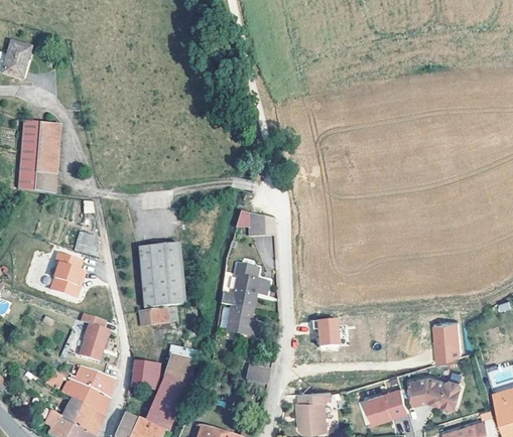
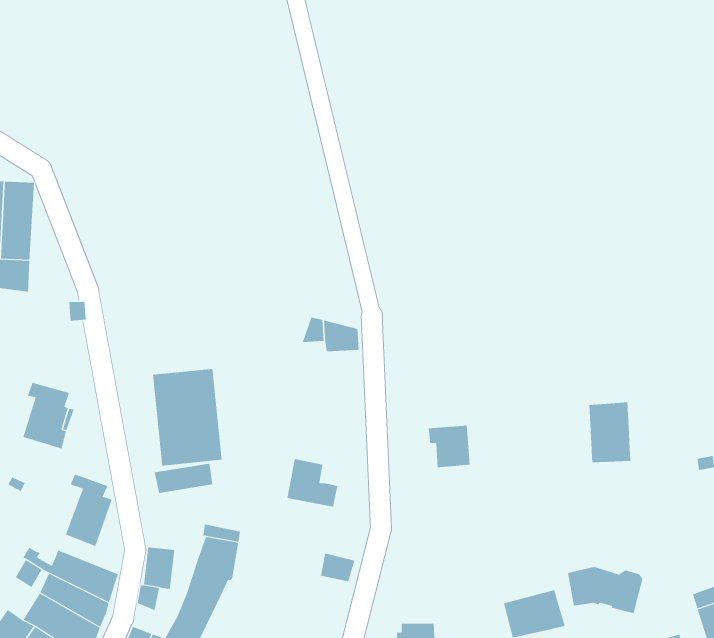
building: [75,232,98,256] -> none
building: [221,263,268,308] -> none
building: [311,317,340,345] -> [428,425,471,468]
building: [431,323,460,363] -> [589,402,631,463]
building: [297,391,329,413] -> none

